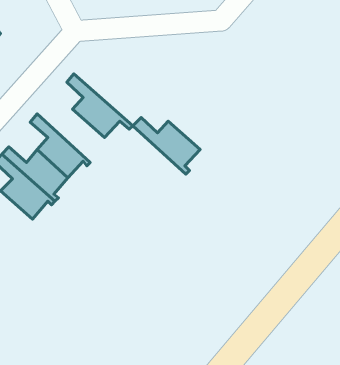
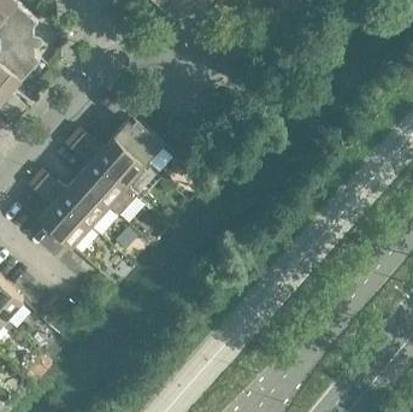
building: [133,117,200,174] -> [76,133,144,190]

